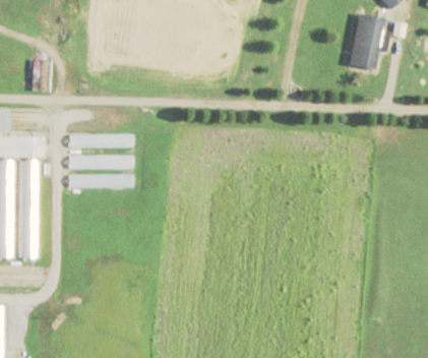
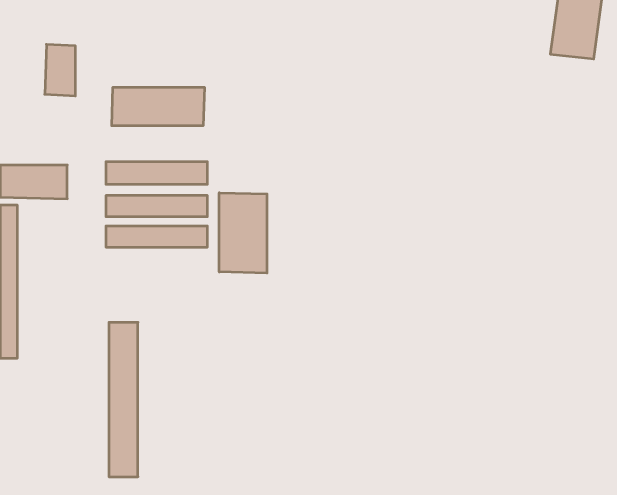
building: none -> [112,87,204,126]
building: none -> [219,193,267,273]
building: [18,161,37,258] -> [109,322,138,477]

